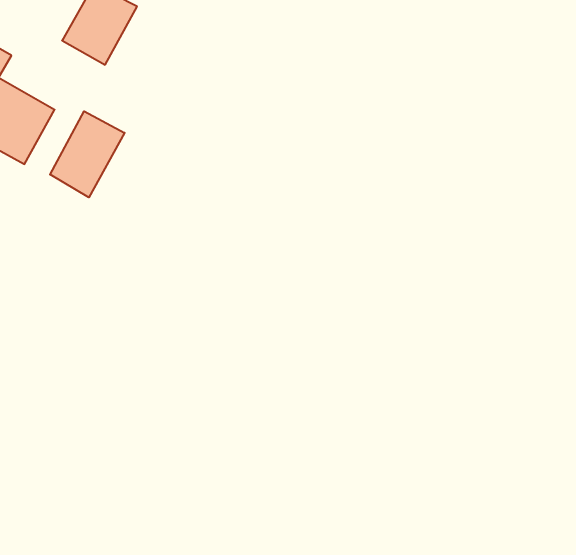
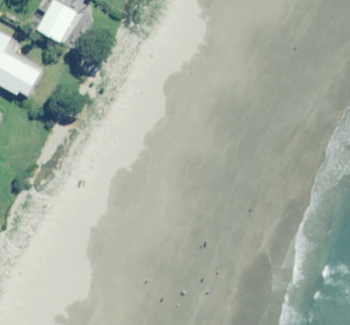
building: [50,111,125,197] -> none

